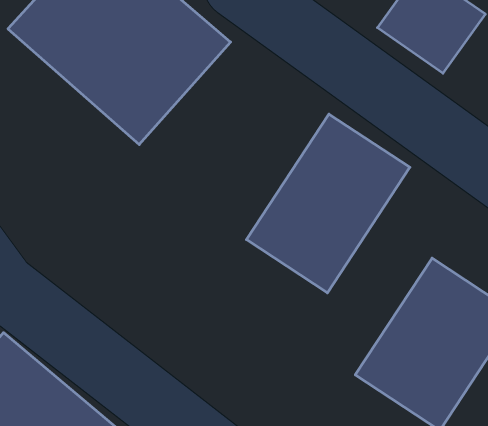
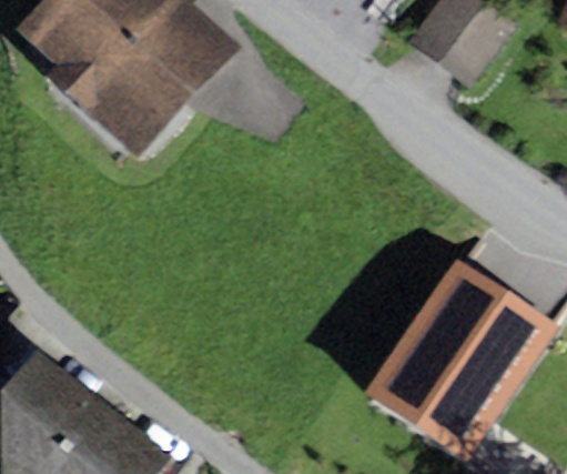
building: [246,114,410,293] -> none

